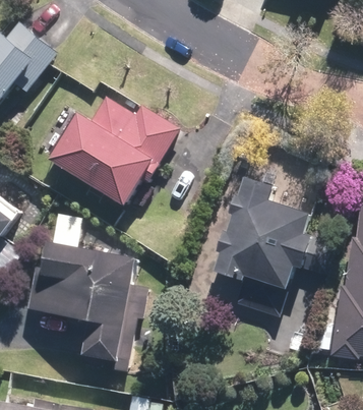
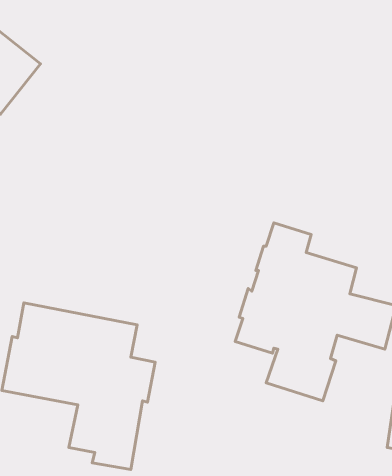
building: [46,97,180,206] -> none

